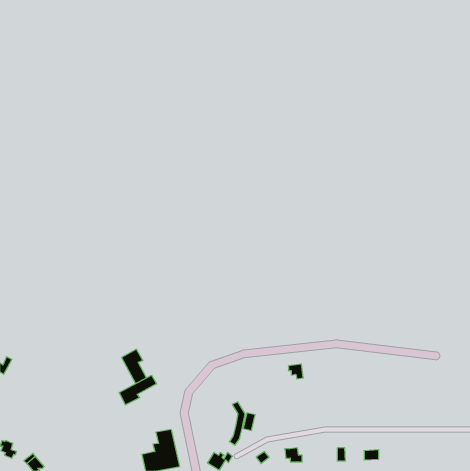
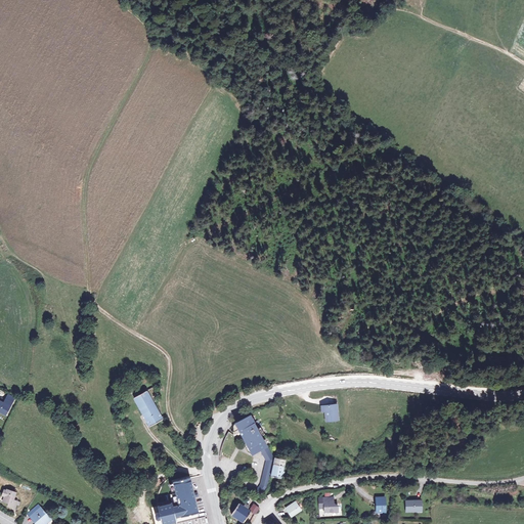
building: none -> [232,416,264,452]
building: [119,375,157,405] -> none

